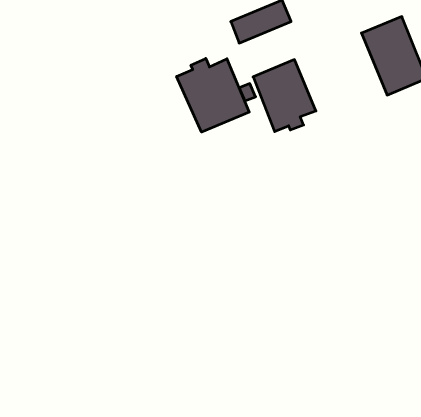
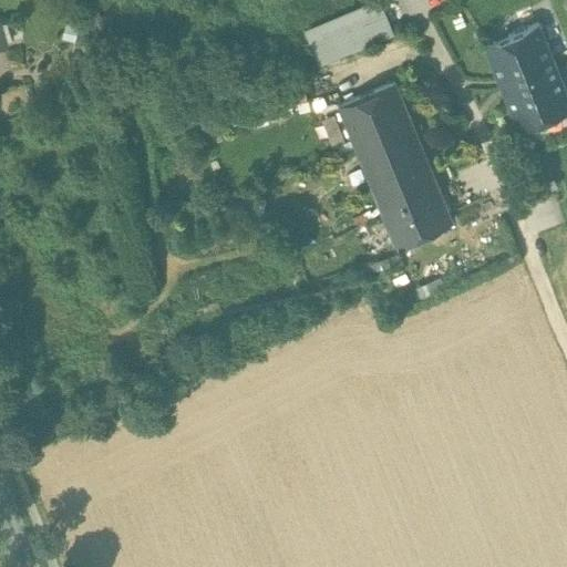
building: [177,58,249,132] -> none
building: none -> [370,156,454,250]

